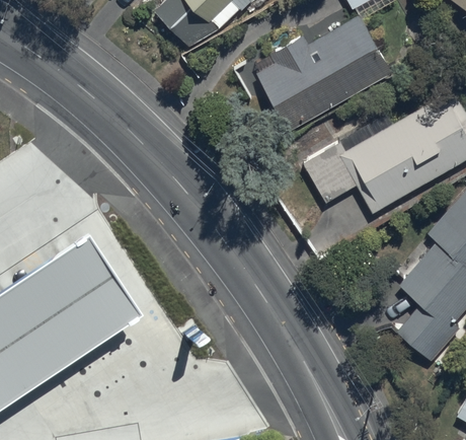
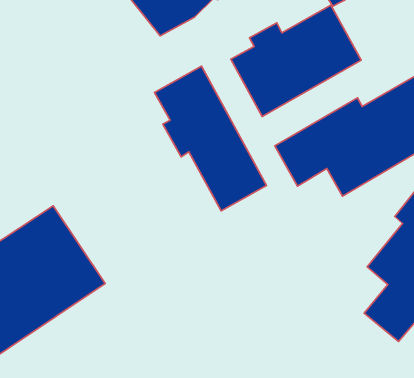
building: none -> [155,66,267,211]

